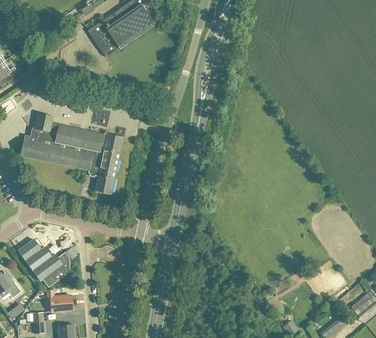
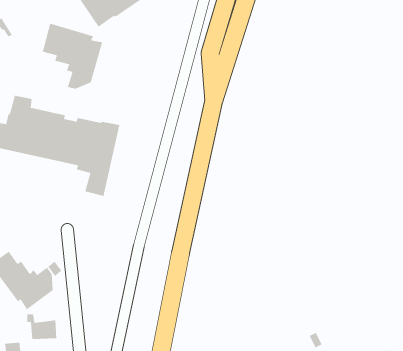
building: none -> [42,23,103,89]

